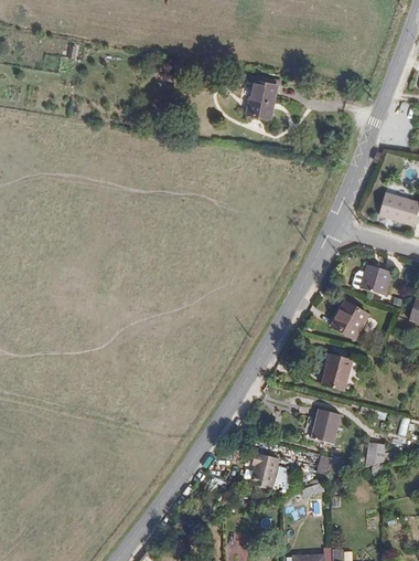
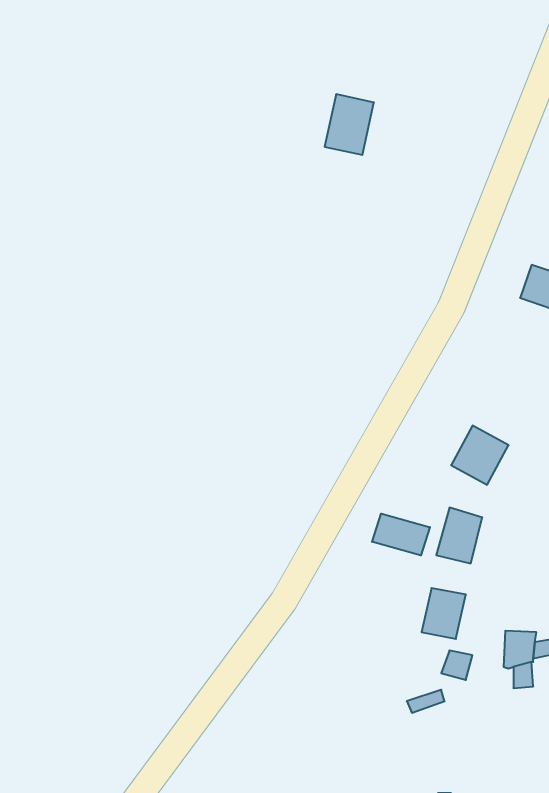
building: [363,265,391,295] -> none
building: none -> [372,514,430,555]
building: [251,452,279,488] -> none

